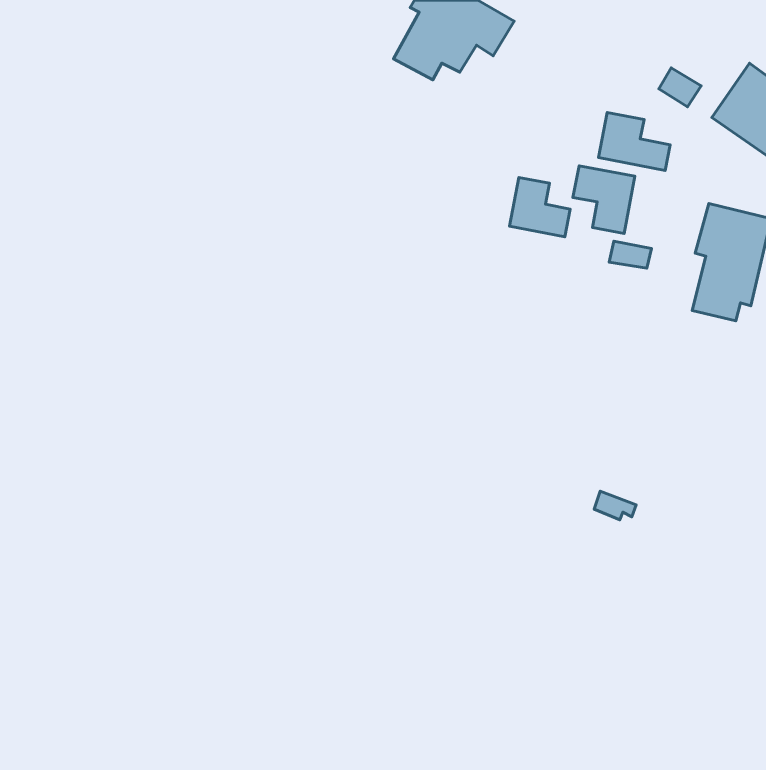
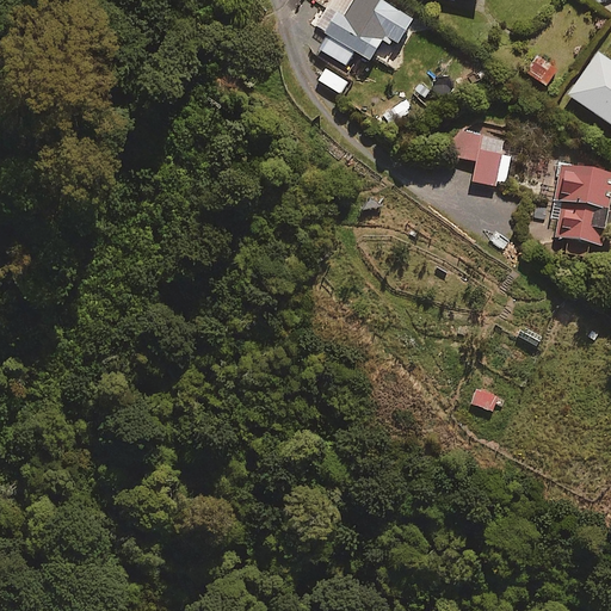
building: [599,112,670,170] -> none
building: [510,178,570,237] -> none

